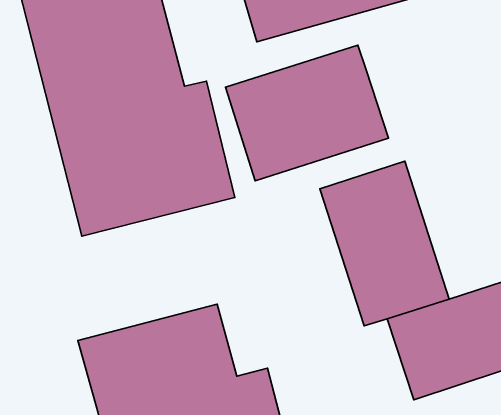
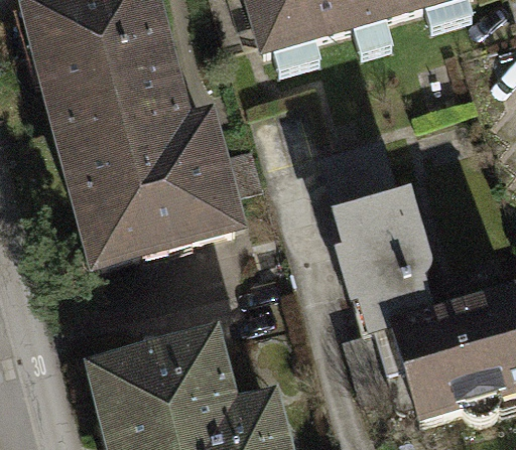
building: [225,45,388,181] -> none

